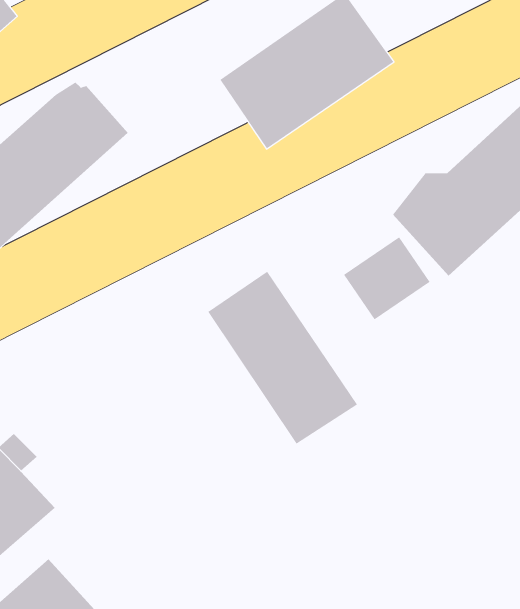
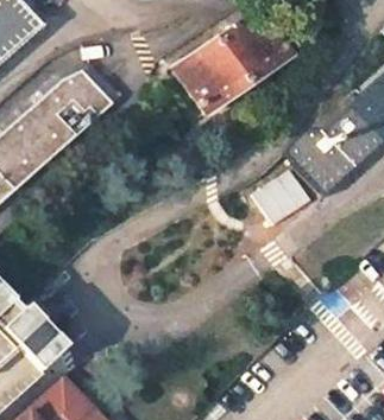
building: [208,271,358,444] -> none

